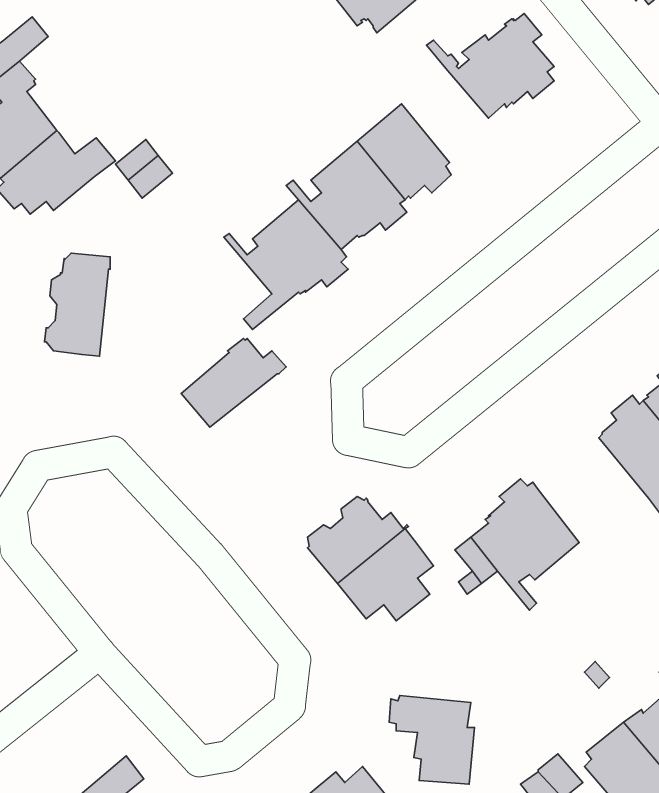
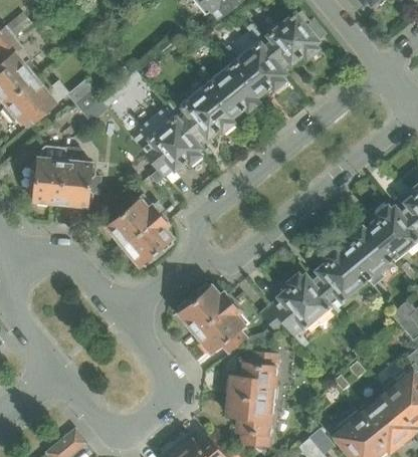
building: none -> [231,41,285,94]
building: none -> [60,148,100,207]
building: none -> [123,214,173,267]
building: none -> [308,247,371,318]
building: none -> [226,352,278,400]

